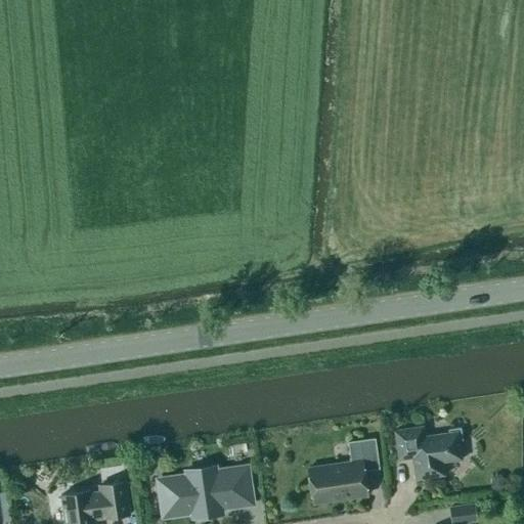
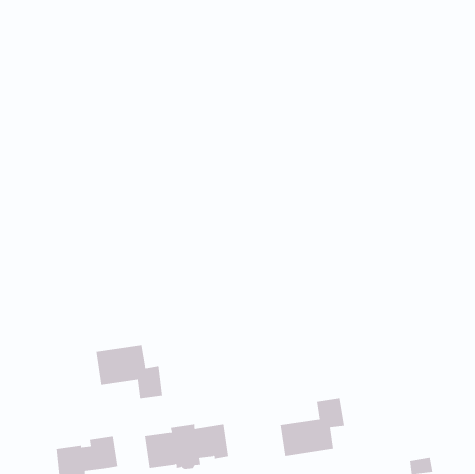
building: none -> [96,345,163,399]
building: [395,428,463,480] -> none

